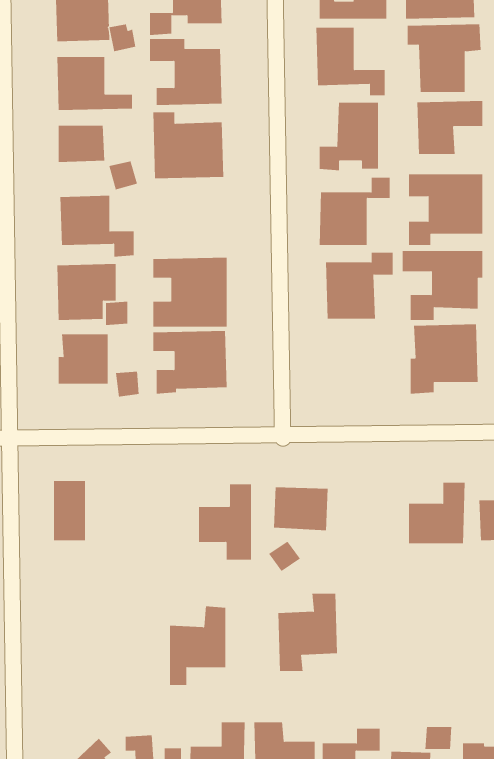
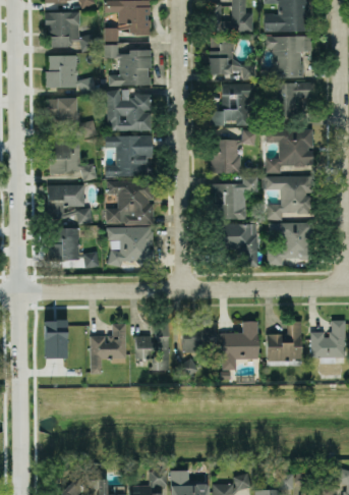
building: none -> [106,134,153,176]
building: none -> [217,223,258,267]
building: [277,593,338,672] -> [221,321,258,370]
building: [169,606,226,686] -> [91,323,126,373]

